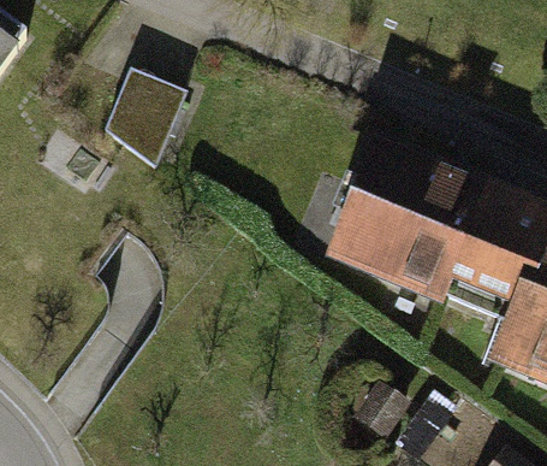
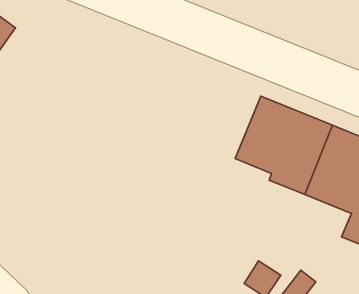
building: [106,78,185,176] -> none

